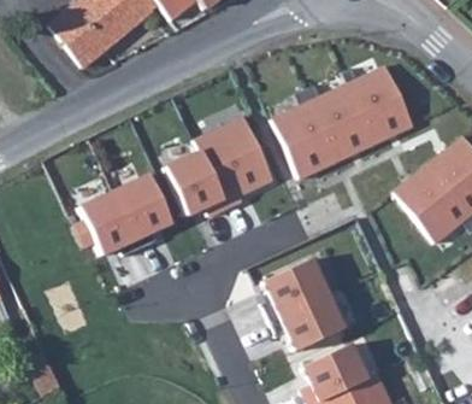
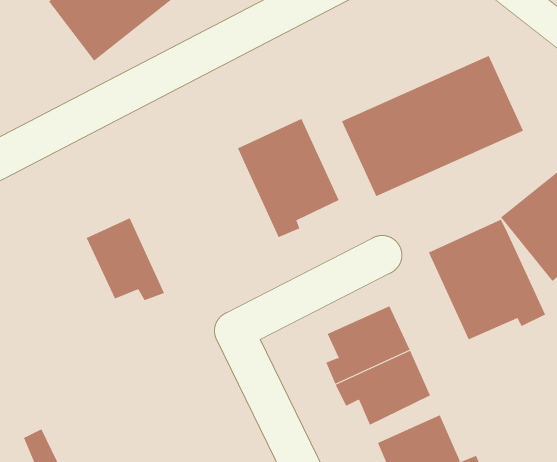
building: [166,150,228,215] -> none
building: [114,175,171,250] -> none
building: none -> [428,219,546,340]

